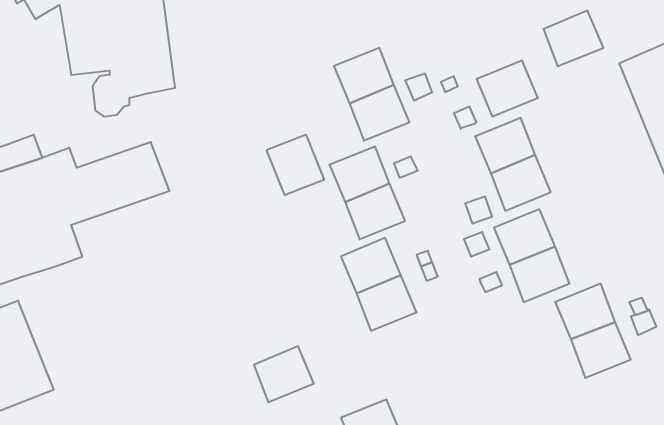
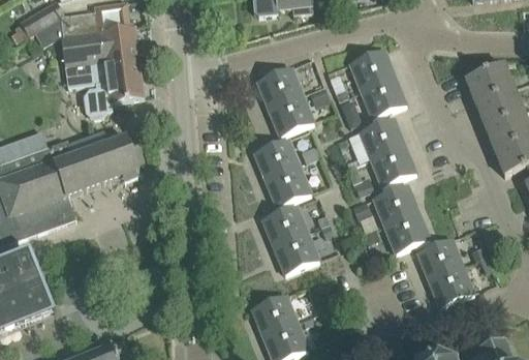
building: [543,11,603,66] -> [351,50,395,90]
building: [267,135,324,195] -> none
building: [254,346,314,402] -> [253,295,297,335]

